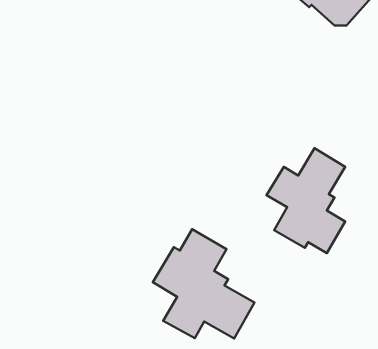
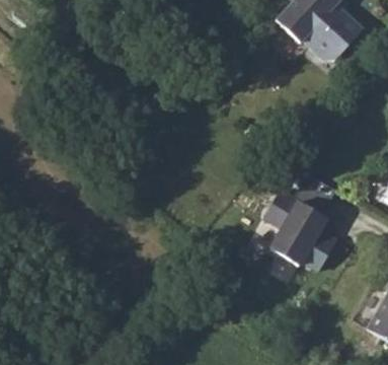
building: [153,229,255,339] -> none

